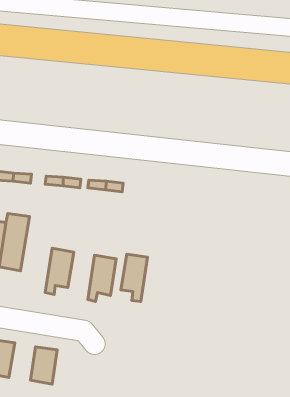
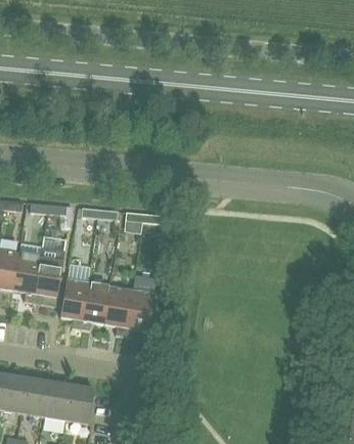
building: none -> [59,278,87,327]
building: [121,254,148,302] -> [103,285,131,335]
building: none -> [42,380,70,418]

